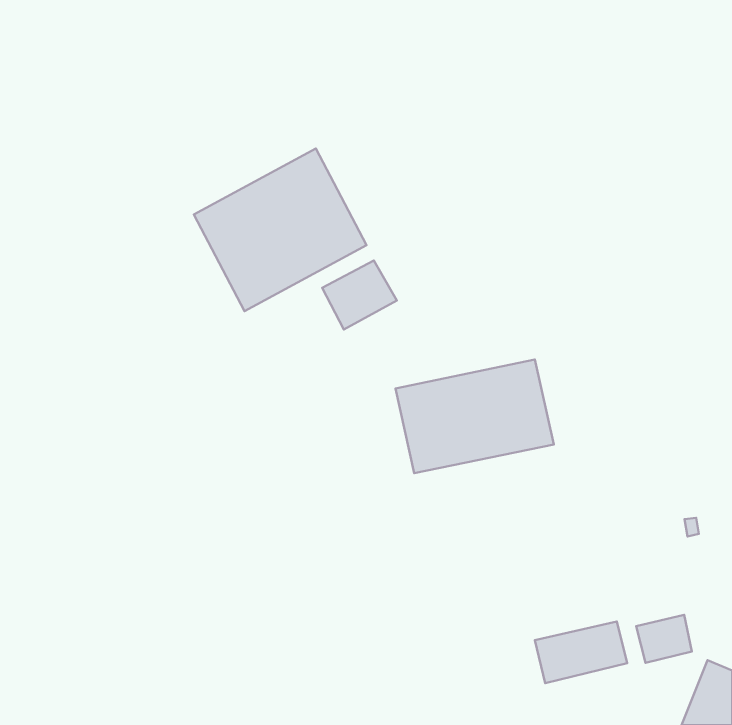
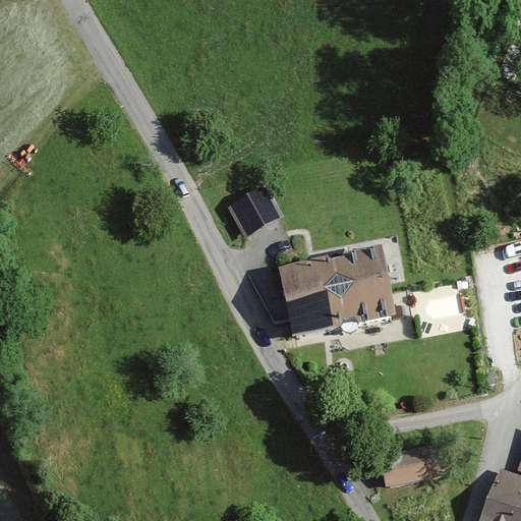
building: [194,149,367,311] -> none
building: [636,615,692,663] -> none

